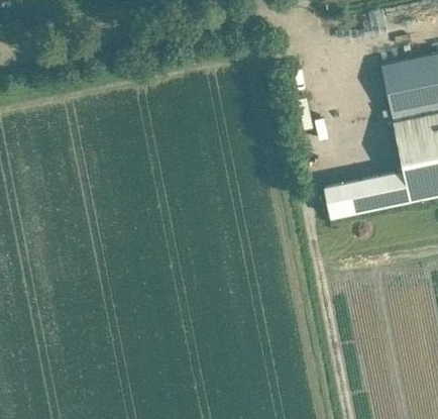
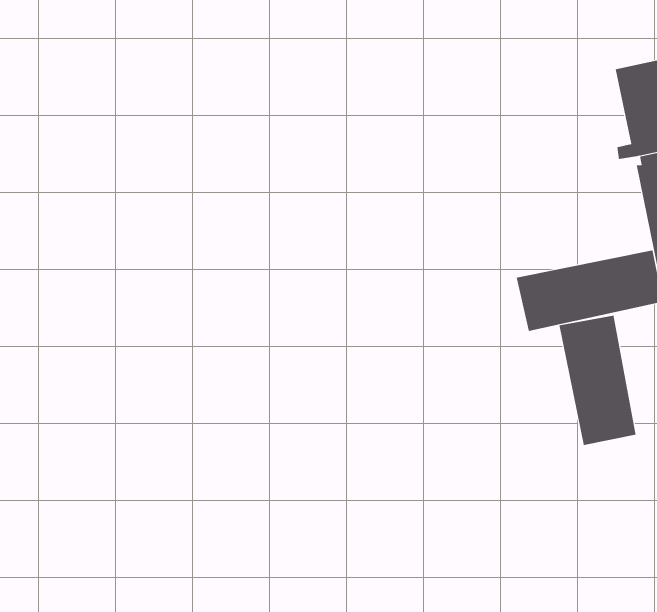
building: none -> [559,315,636,446]

